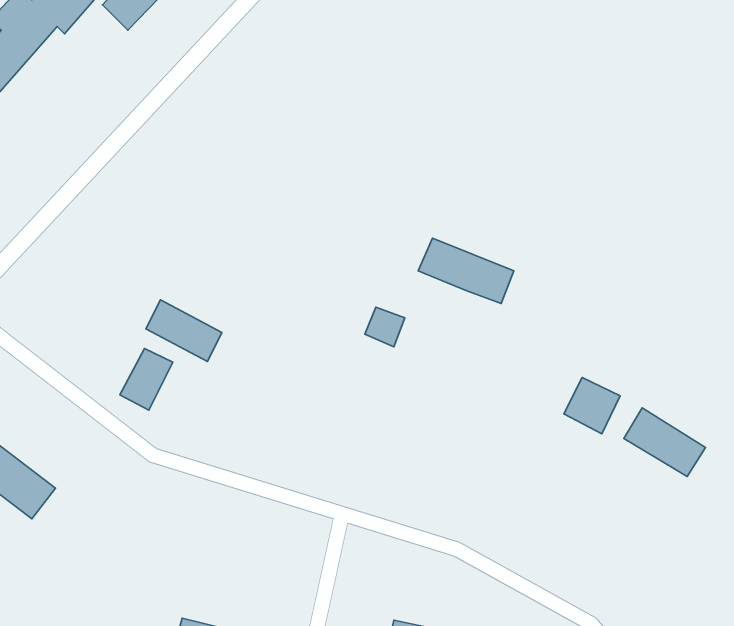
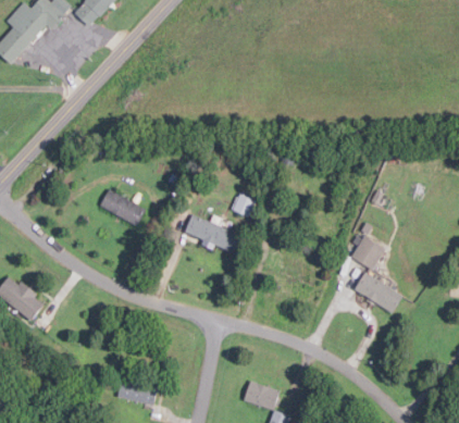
building: [418,238,514,303] -> [184,214,241,253]
building: [120,348,173,410] -> none
building: [624,408,705,477] -> [355,272,404,313]

